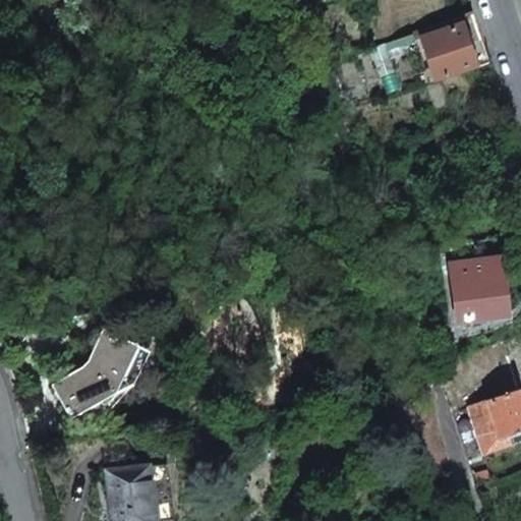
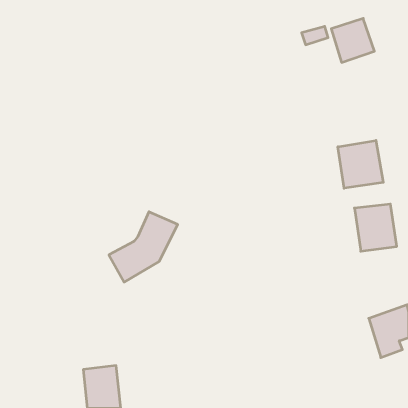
building: none -> [338,140,383,188]
building: [52,329,139,418] -> [109,212,178,282]

